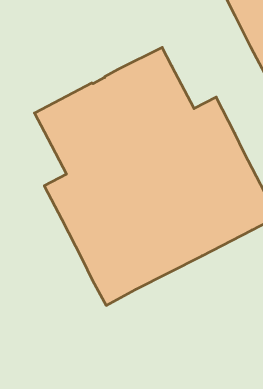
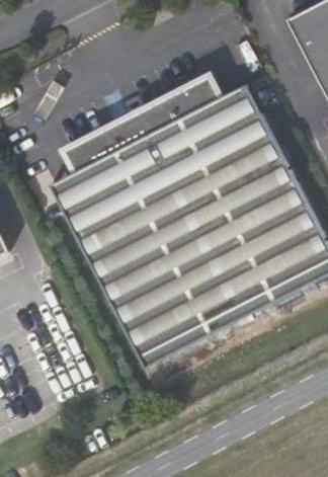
building: none -> [222,80,272,142]
building: none -> [51,168,101,230]

